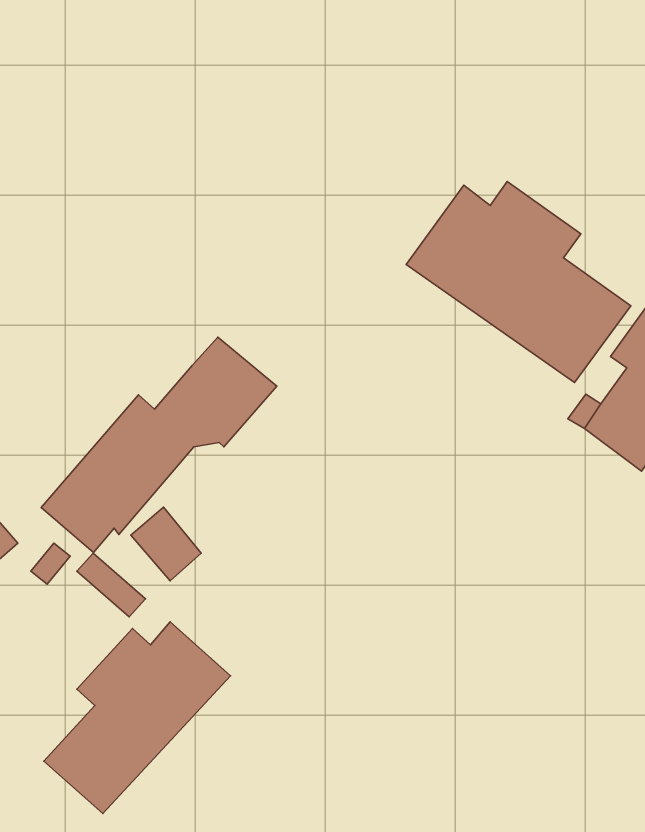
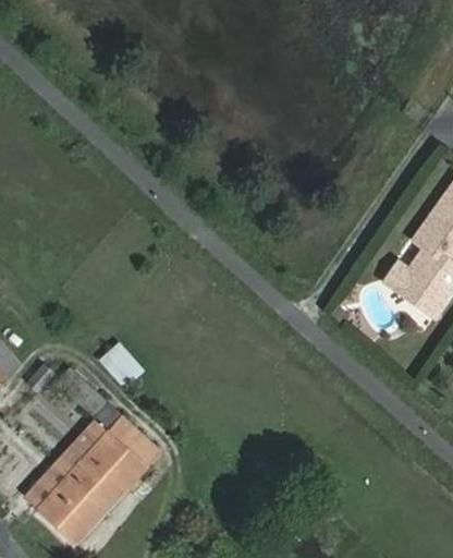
building: [406,182,631,383] -> none
building: [41,337,277,553] -> none

